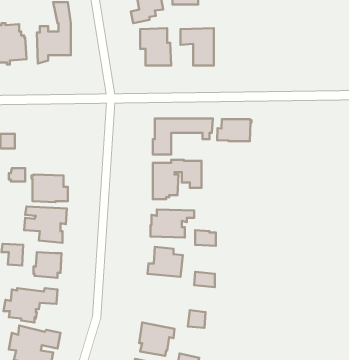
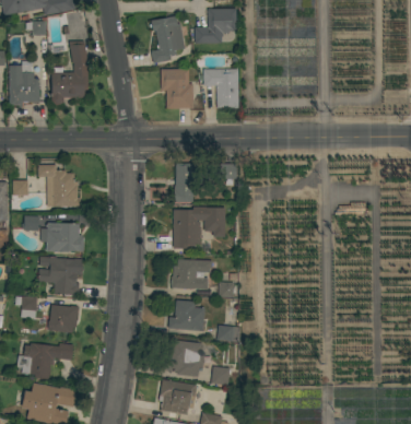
building: [217,119,252,141] -> none
building: none -> [38,165,81,207]
building: none -> [163,340,204,377]

